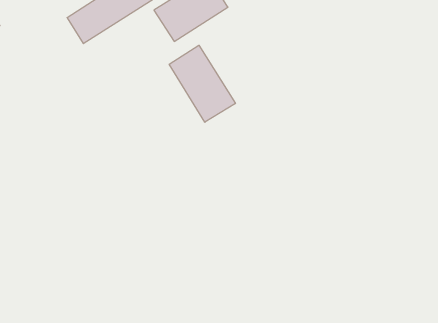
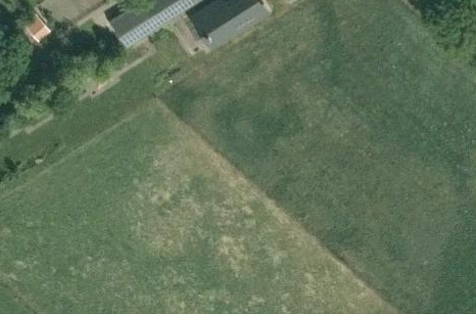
building: [169,45,235,122] -> none

